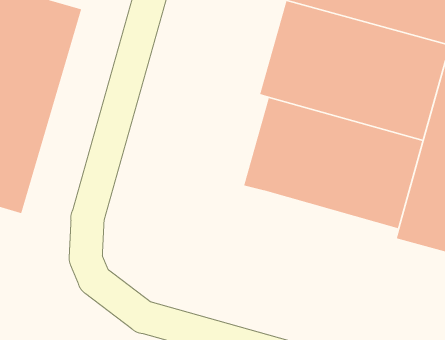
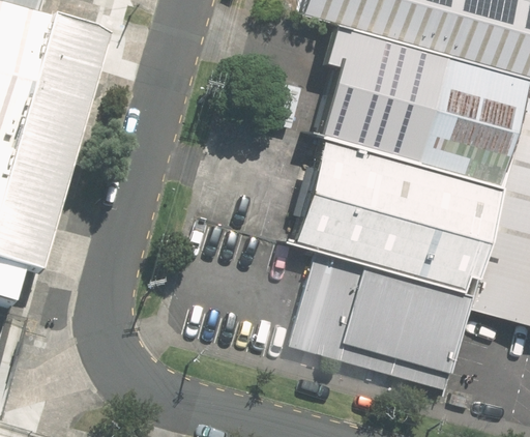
building: none -> [291,250,474,388]

